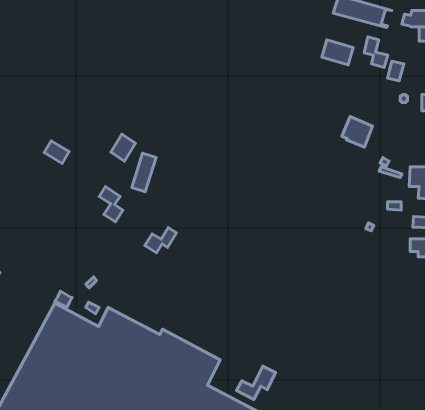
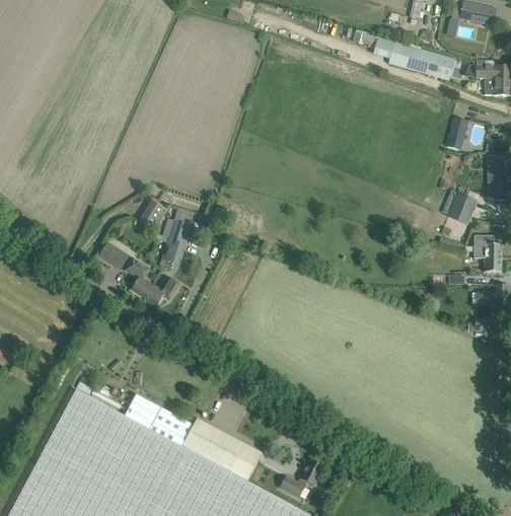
building: [364,37,388,68] -> none
building: [322,40,353,65] -> none
building: [342,116,373,147] -> [441,191,476,225]
building: [44,141,69,163] -> [98,244,127,270]
building: [145,227,176,253] -> [143,279,178,307]

